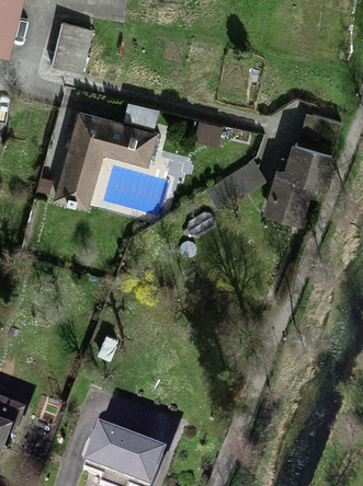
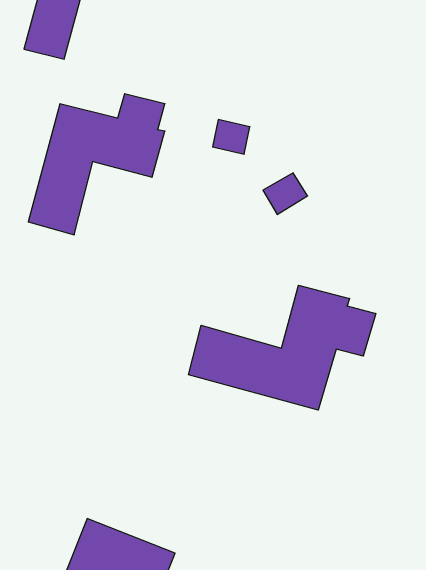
building: [262,113,341,223] -> none
building: none -> [188,285,376,410]

